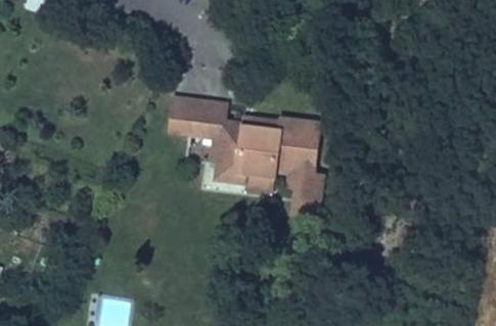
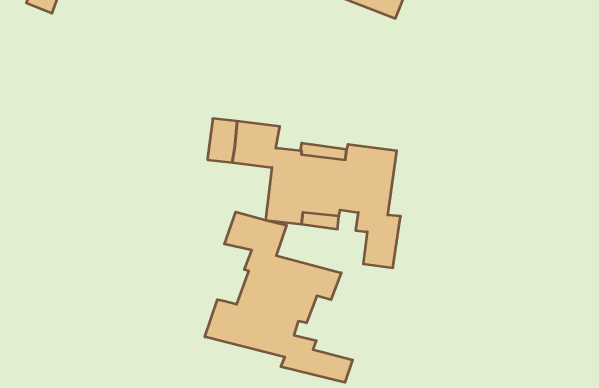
building: none -> [205,212,353,382]

